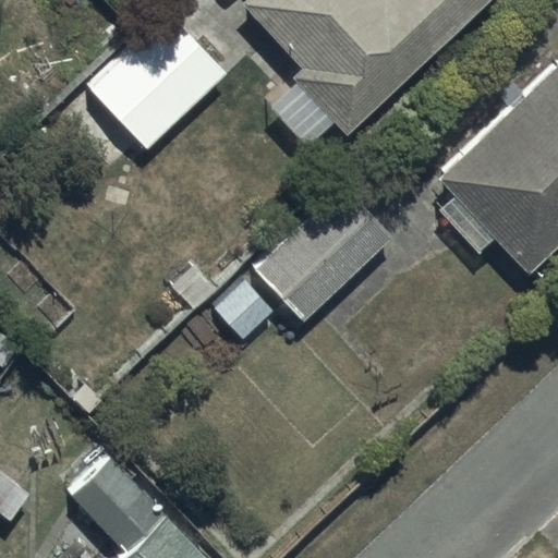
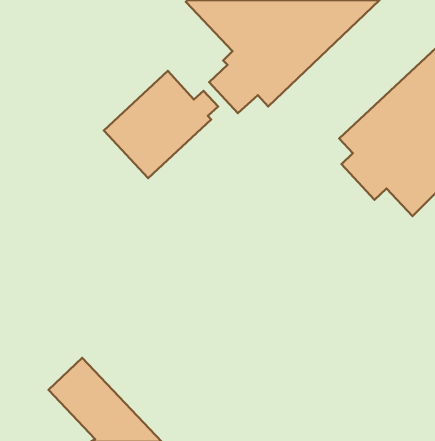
building: [93,13,236,148] -> [104,71,218,178]
building: [254,185,393,323] -> none

